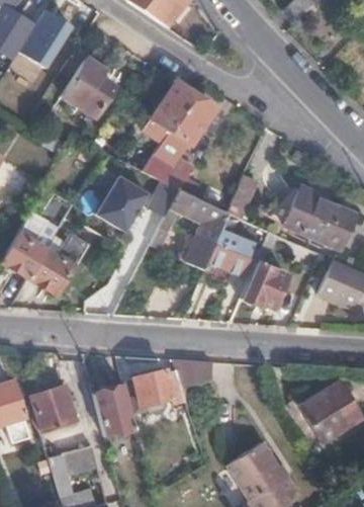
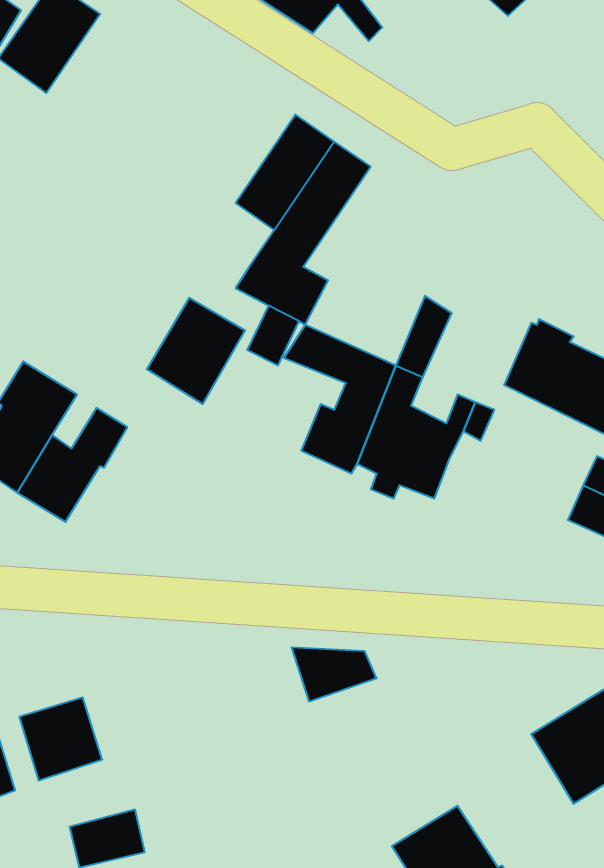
building: [64,58,120,116] -> none
building: [241,260,288,308] -> none
building: [134,371,173,412] -> none
building: [93,385,135,437] -> none

